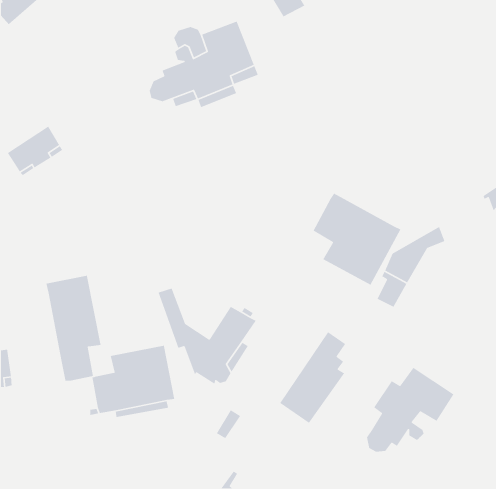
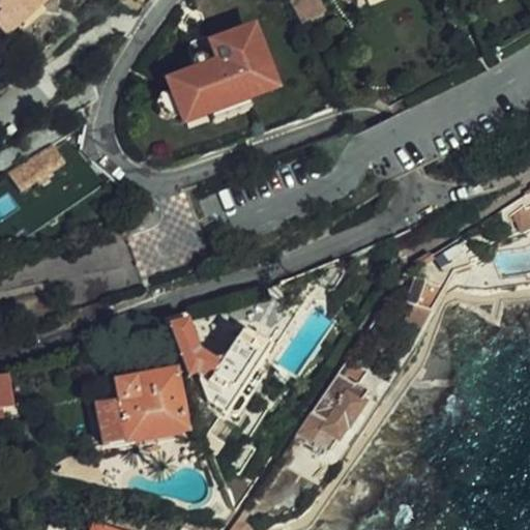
building: [312,193,402,286] -> none
building: [45,275,101,382] -> none
building: [366,367,454,452] -> none

